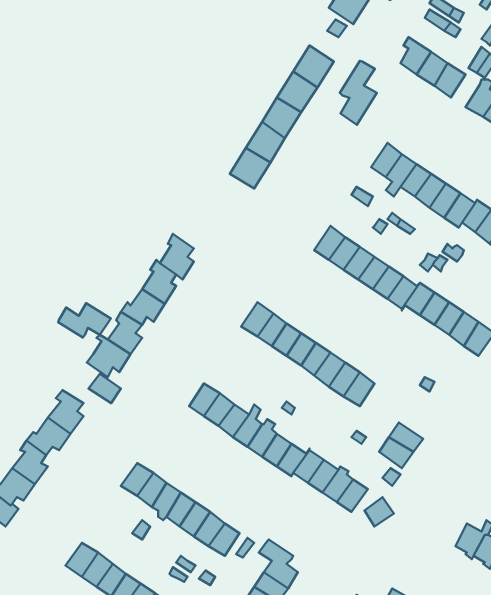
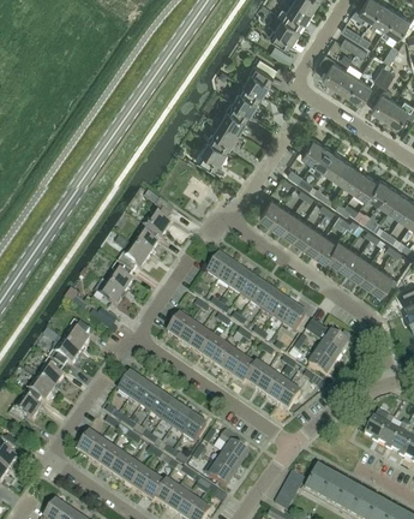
building: [340,61,377,125] -> none
building: [58,303,111,338] -> none
building: none -> [305,318,352,353]

